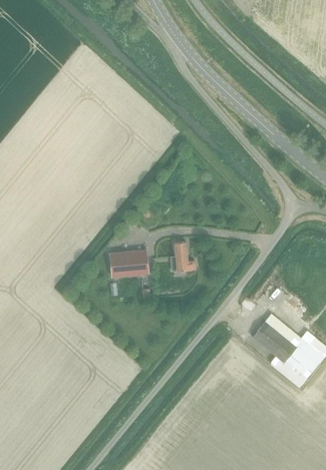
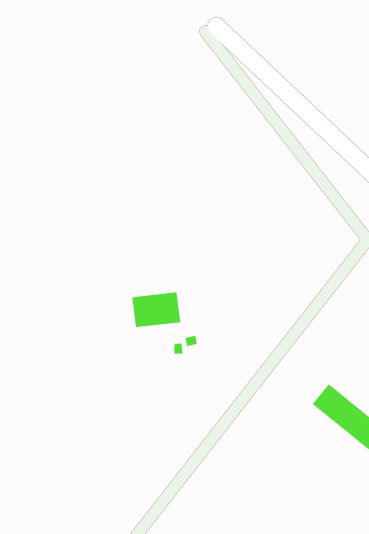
building: [172,242,196,271] -> none

